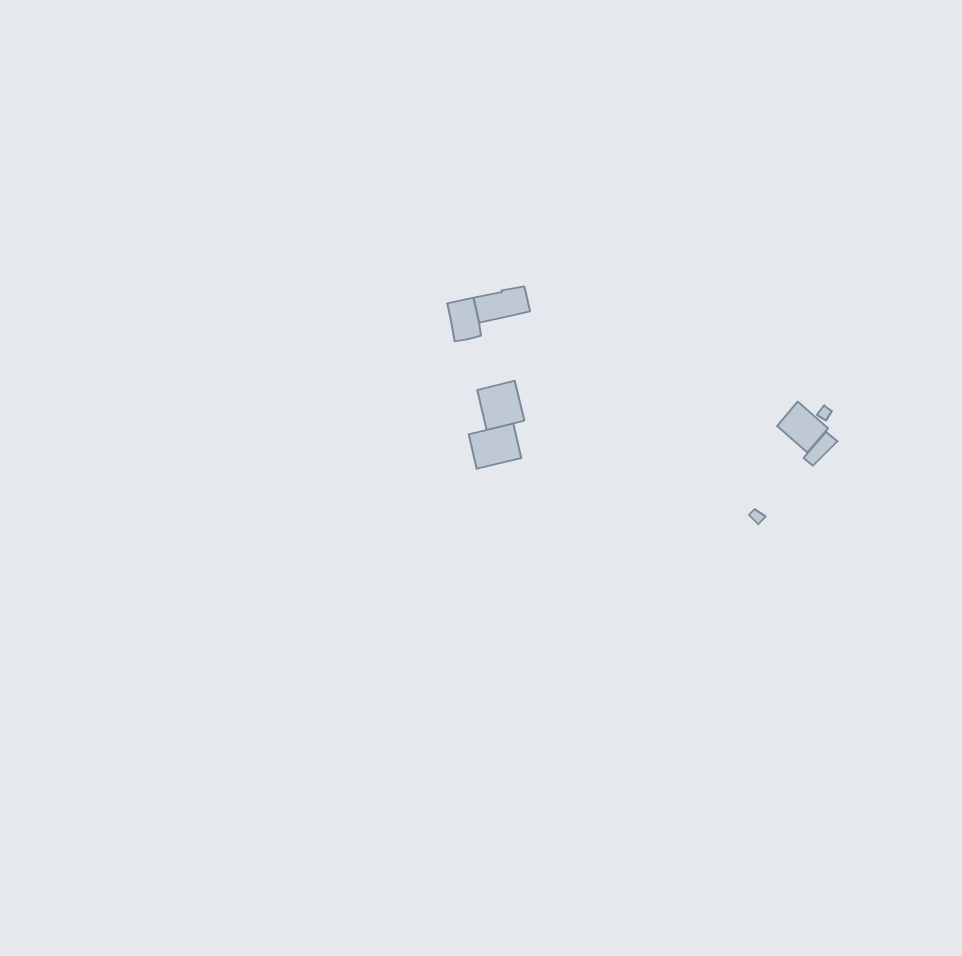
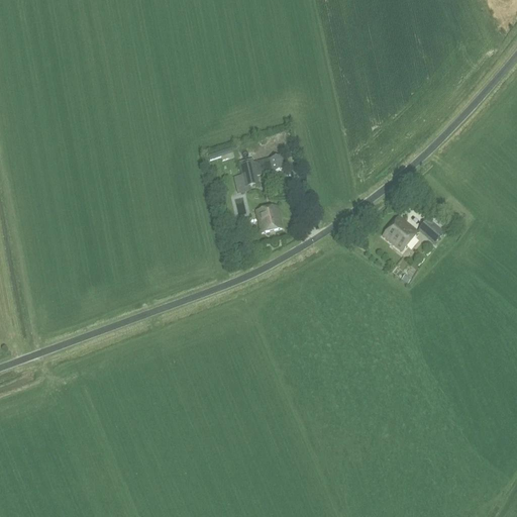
building: none -> [383,215,416,250]
building: [469,424,521,469] -> none

